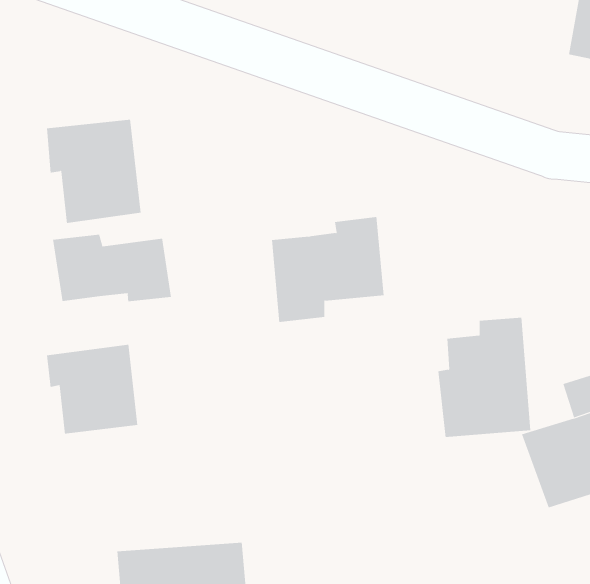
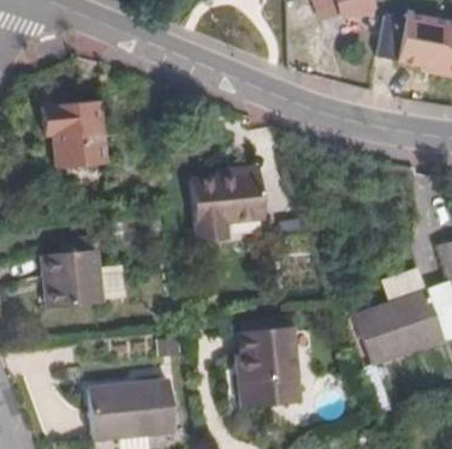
building: [52,234,171,302] -> none
building: [438,317,531,438] -> [237,319,299,400]

